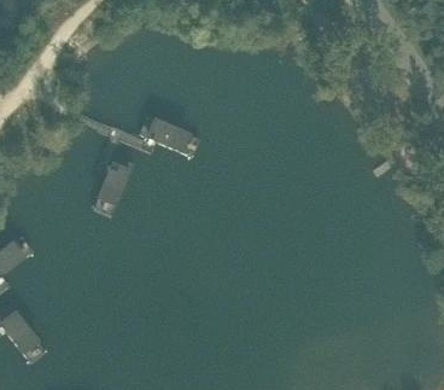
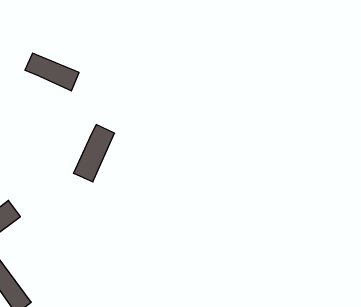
building: [138,113,198,156] -> [25,53,79,91]

